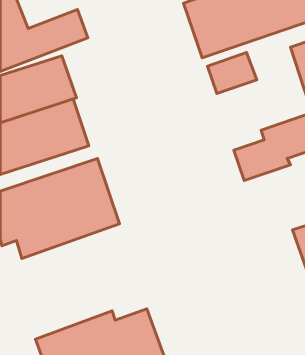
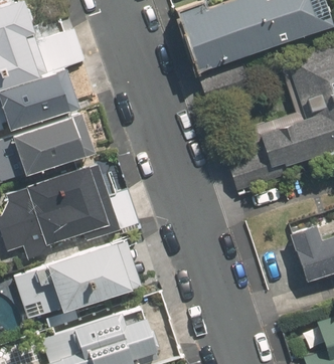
building: none -> [13,238,139,323]

